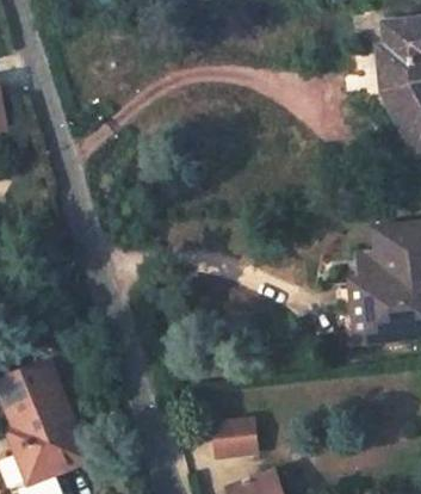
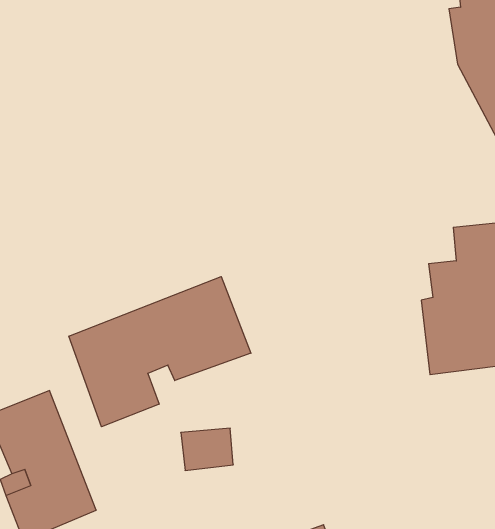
building: none -> [69,277,251,427]
building: [211,420,254,455] -> [181,428,233,470]

